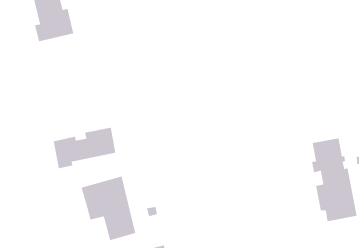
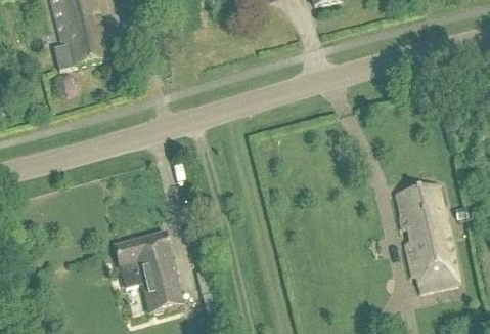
building: [53,127,116,169] -> none

